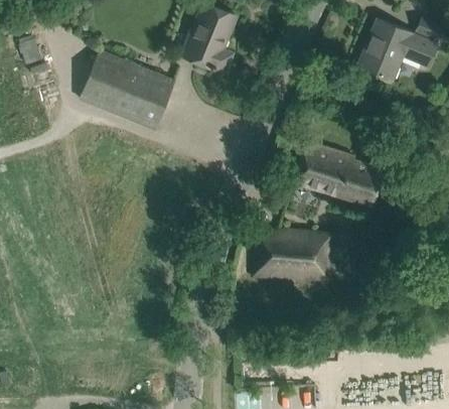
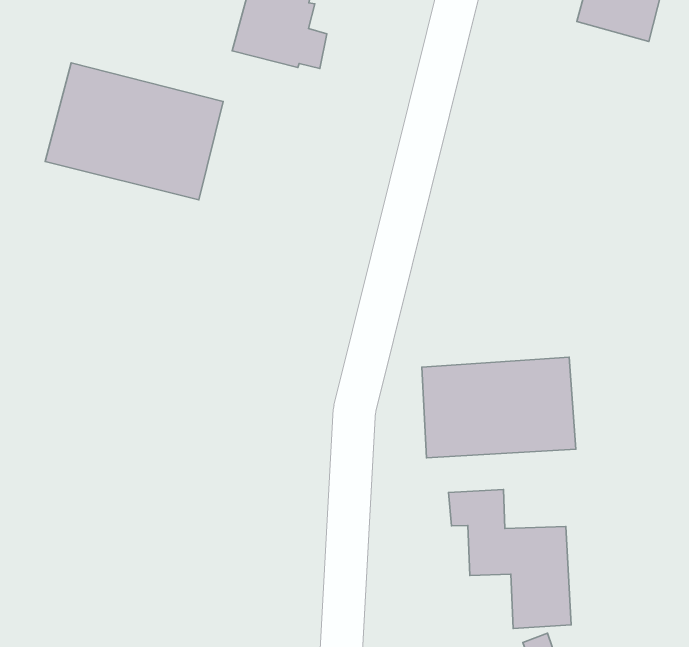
building: [292,143,382,209] -> none
building: none -> [449,490,571,629]

